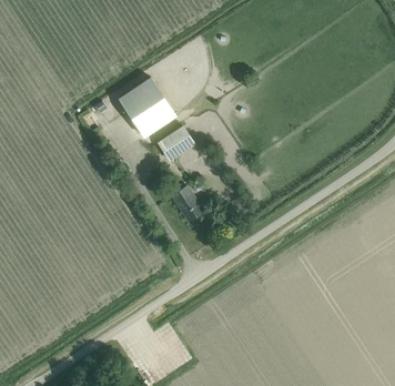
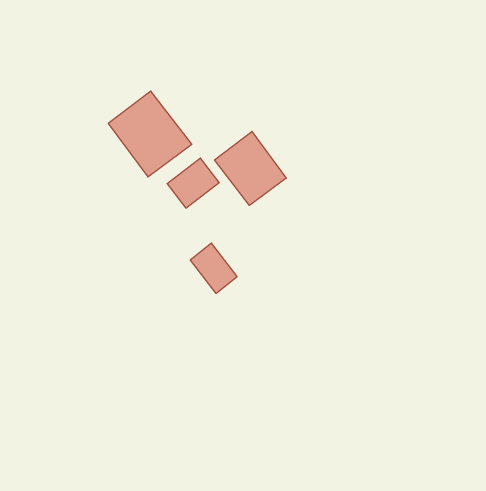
building: none -> [215,131,286,205]

